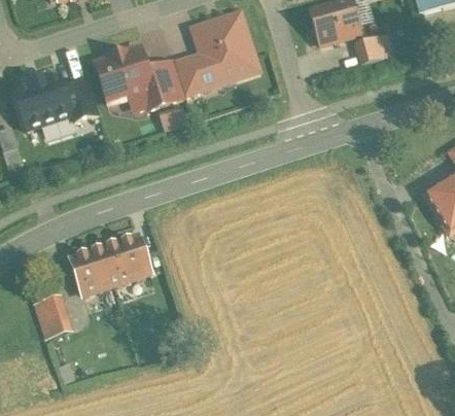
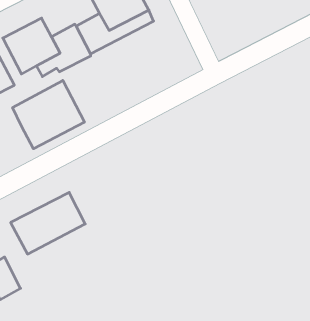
building: none -> [13,80,84,149]

